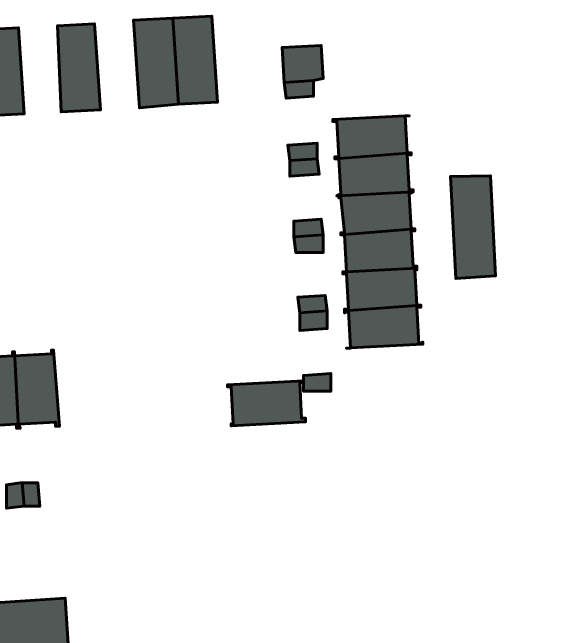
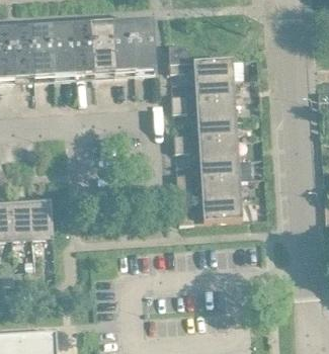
building: none -> [131,26,154,72]
building: none -> [70,29,93,76]
building: none -> [30,32,53,78]
building: none -> [192,58,233,81]
building: [450,176,496,279] -> none
building: [227,381,306,426] -> [200,197,241,220]

